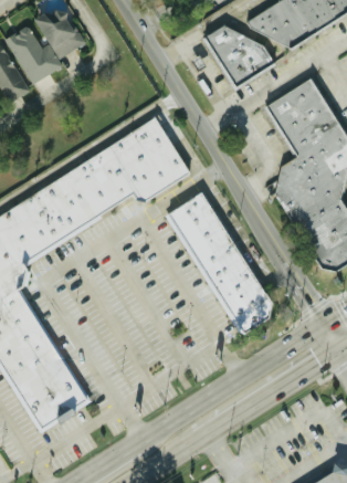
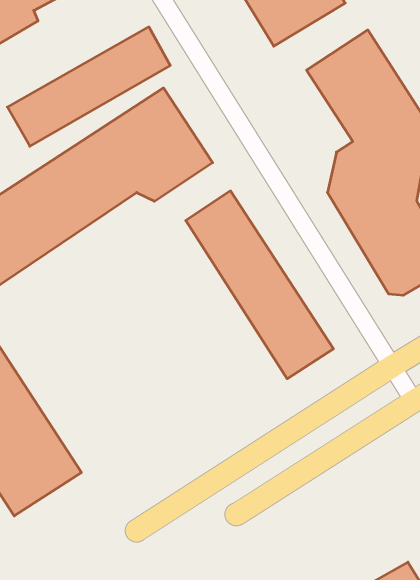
building: none -> [7,27,170,146]

